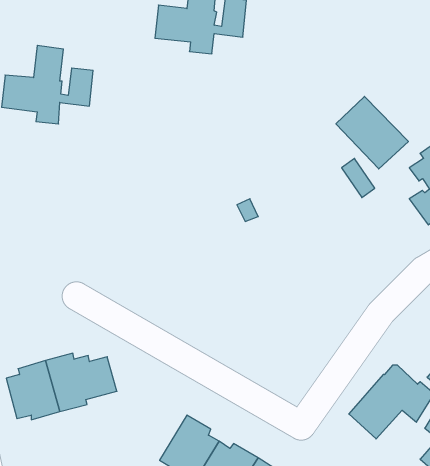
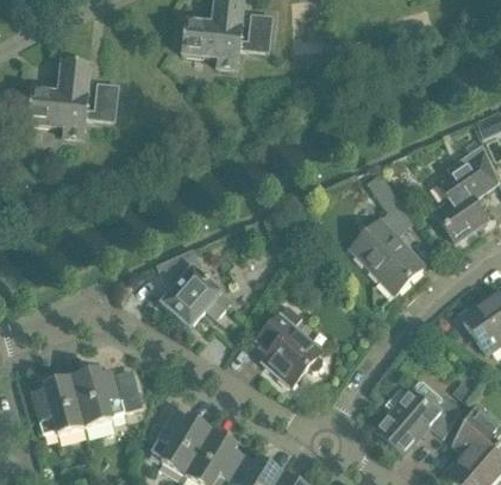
building: [336,96,408,169] -> [351,219,424,291]
building: none -> [156,247,231,327]
building: none -> [256,303,322,385]
building: none -> [151,412,213,474]

